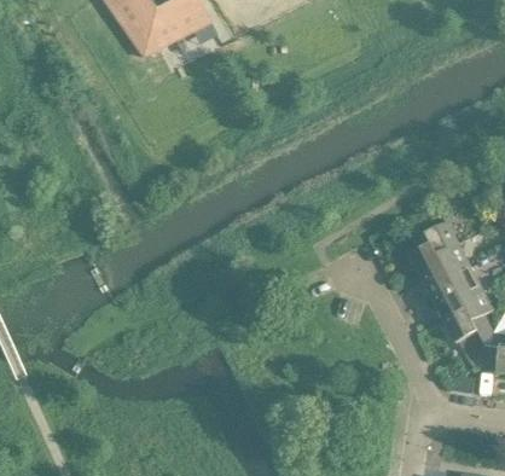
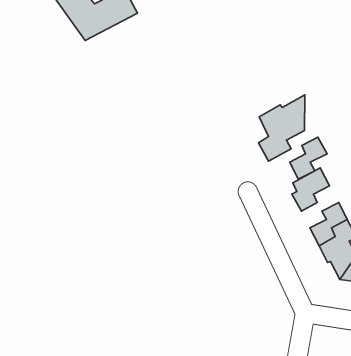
building: none -> [258,95,305,161]
building: [424,243,472,297] -> [290,137,327,179]

